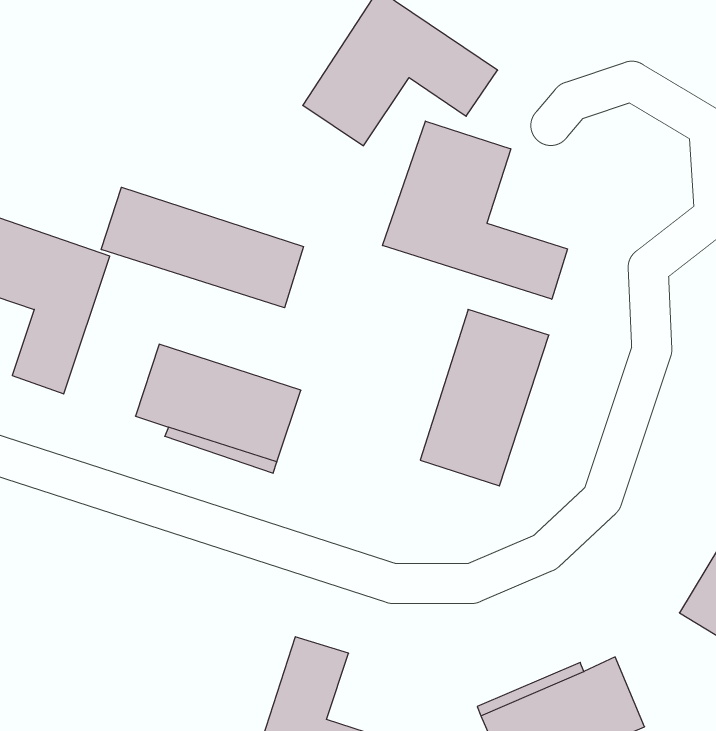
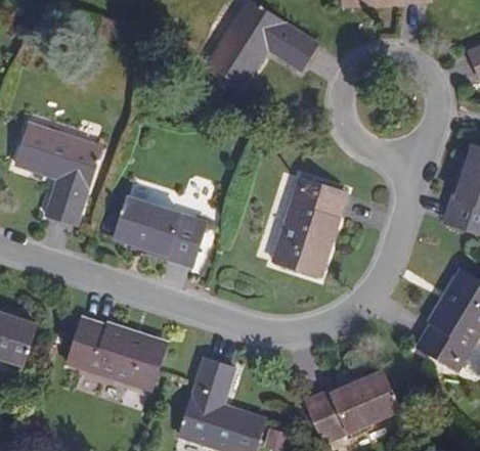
building: [383,121,568,299] -> none
building: [101,187,304,308] -> none
building: none -> [68,319,166,391]

